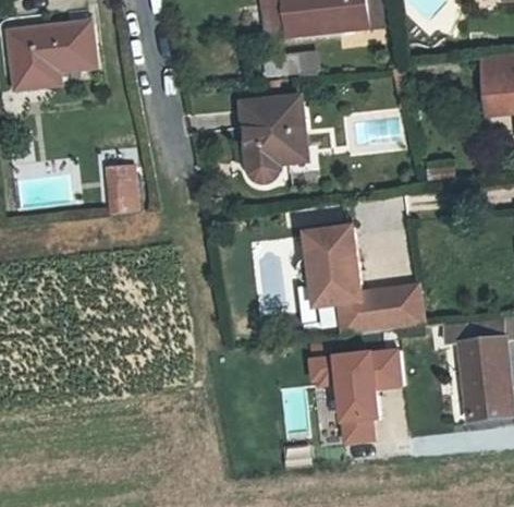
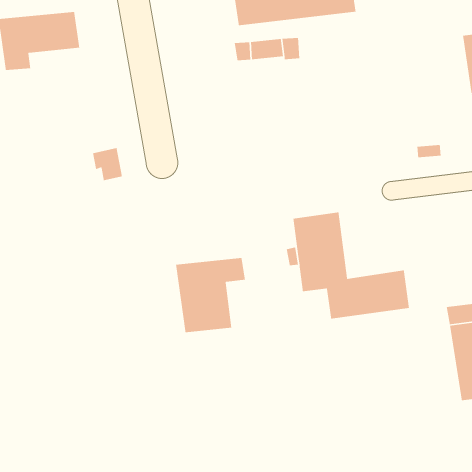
building: [244,99,309,181] -> none
building: none -> [175,257,246,333]
building: [308,343,400,437] -> none

